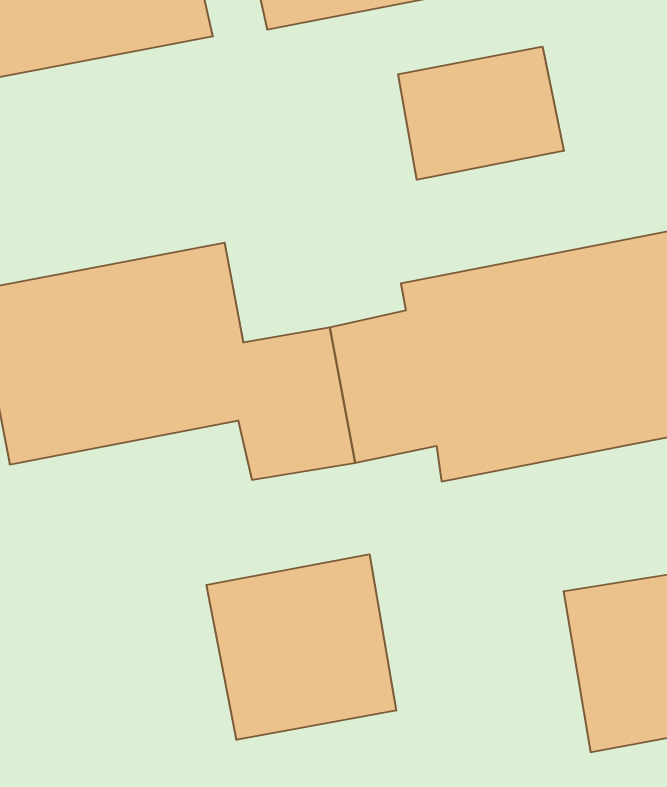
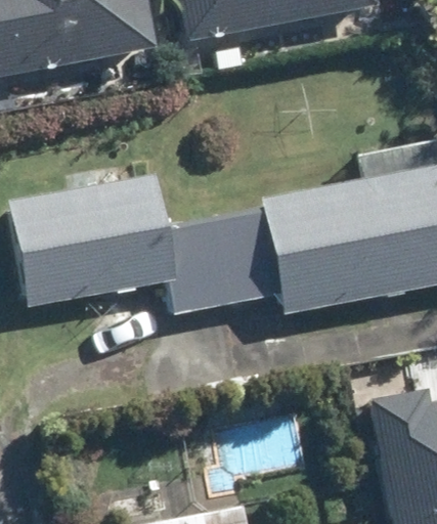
building: [398,47,564,180] -> none
building: [206,554,396,740] -> none

